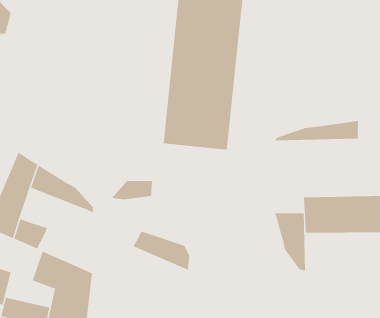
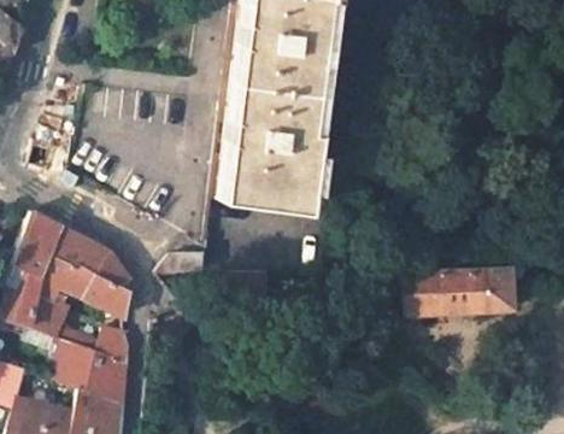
building: [274,120,358,141] -> none
building: none -> [36,258,133,317]
building: [275,212,305,272] -> none
building: [133,231,190,271] -> [59,317,134,369]

